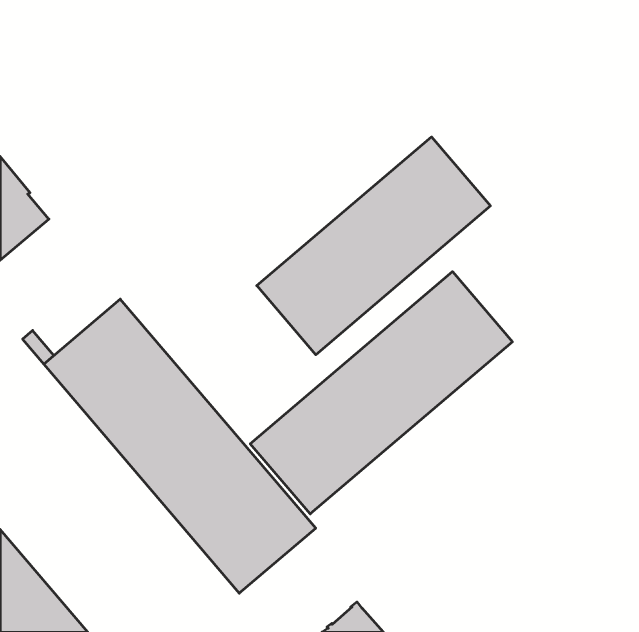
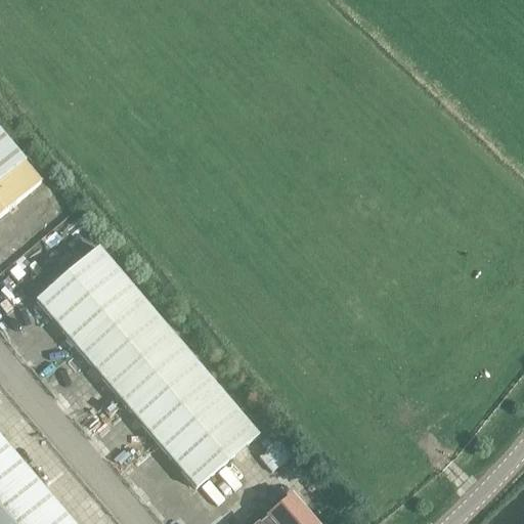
building: [257,137,490,355] -> none
building: [250,272,512,514] -> none

